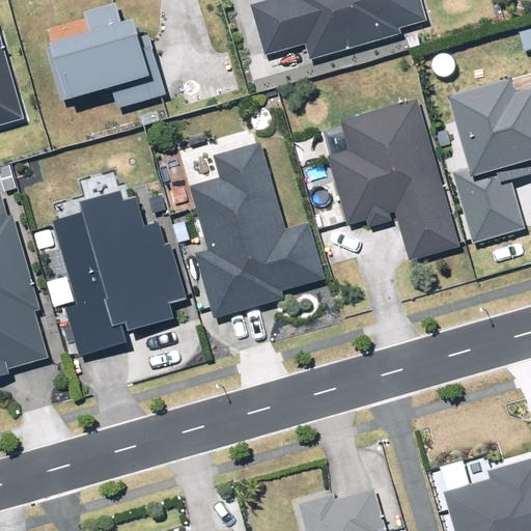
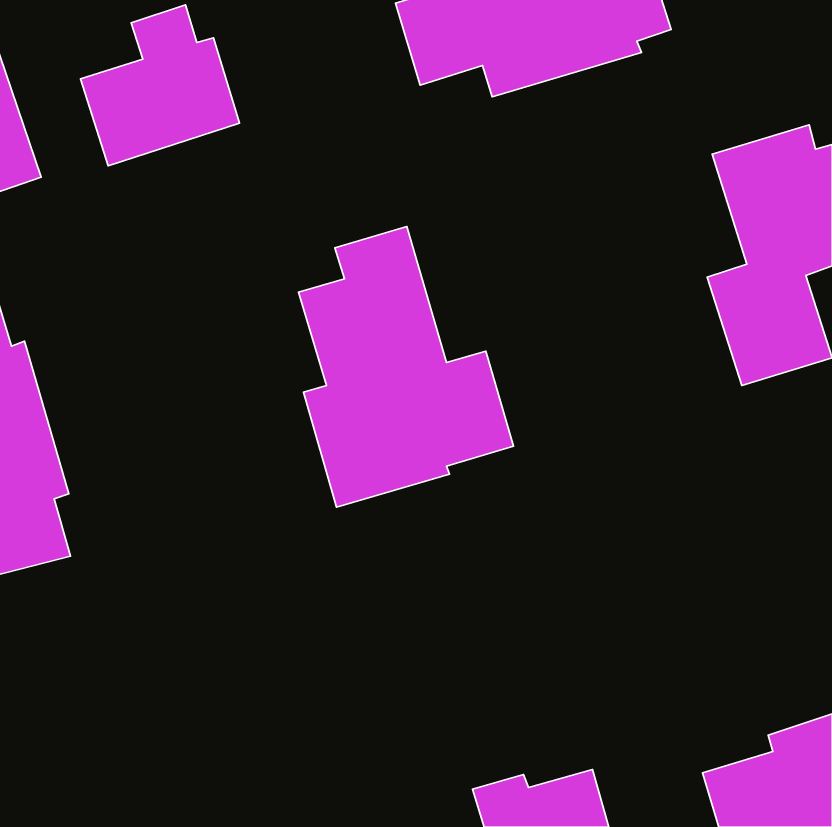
building: [329,100,456,256] -> none
building: [51,192,189,356] -> none

